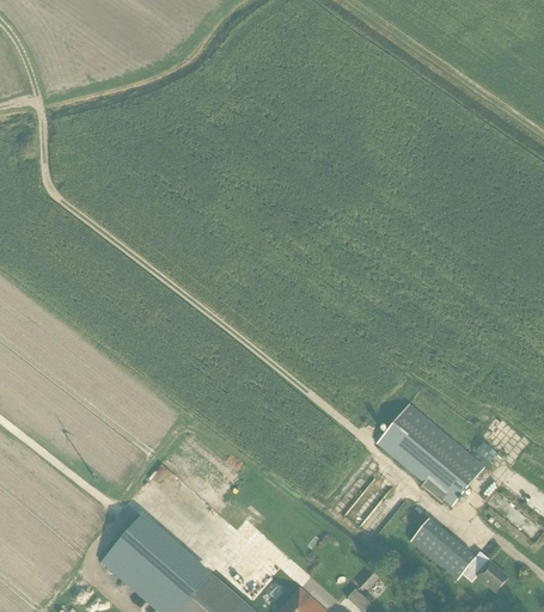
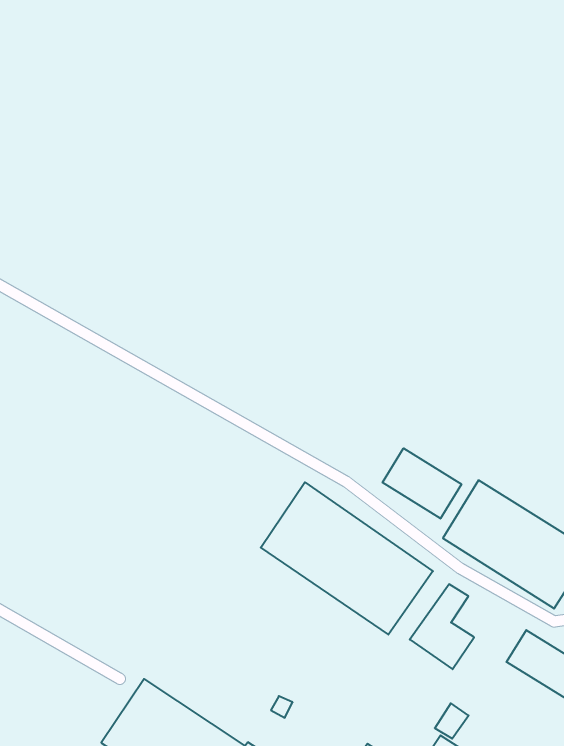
building: none -> [383,448,461,519]
building: none -> [261,482,433,635]

